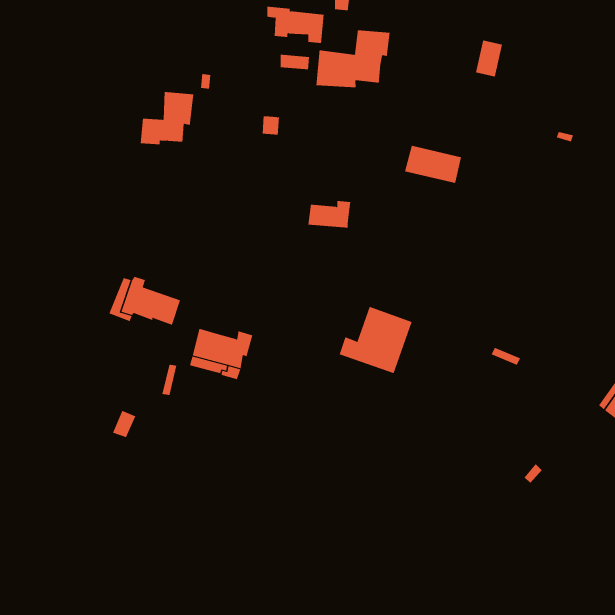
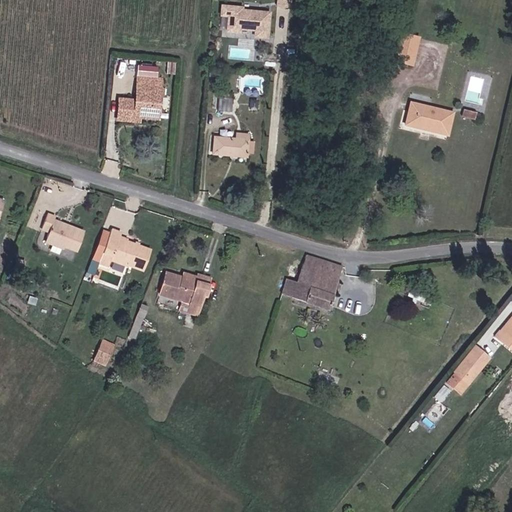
building: [316,30,390,88] -> none
building: [404,145,462,184] -> [405,102,453,134]
building: [308,201,351,228] -> [213,133,249,156]
building: none -> [41,213,85,251]
building: none -> [448,345,490,391]

